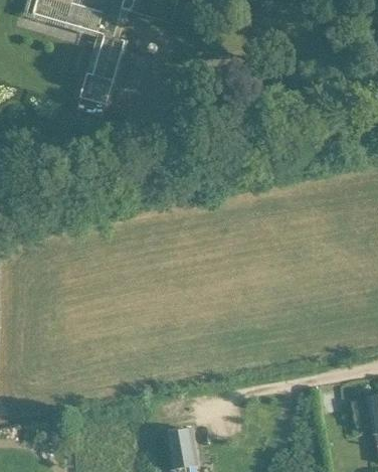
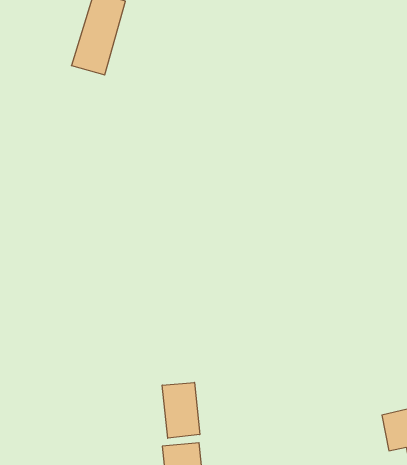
building: none -> [162,382,200,438]

